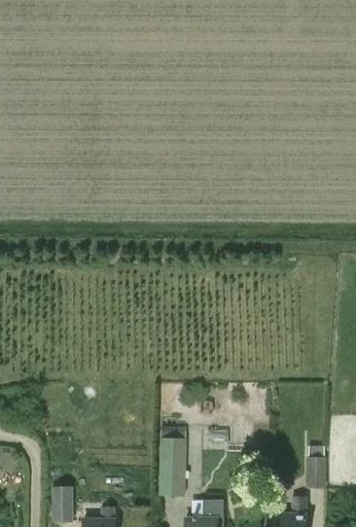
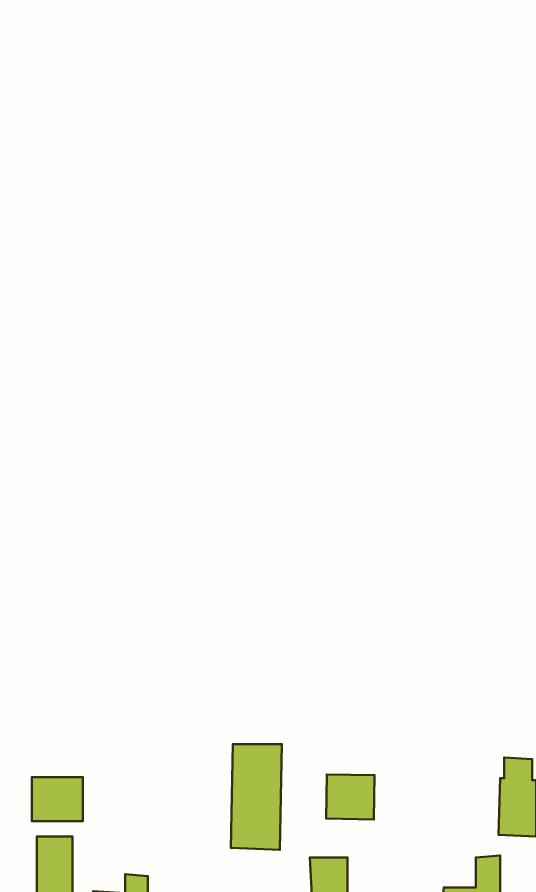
building: none -> [326,774,374,819]
building: none -> [32,777,83,821]

